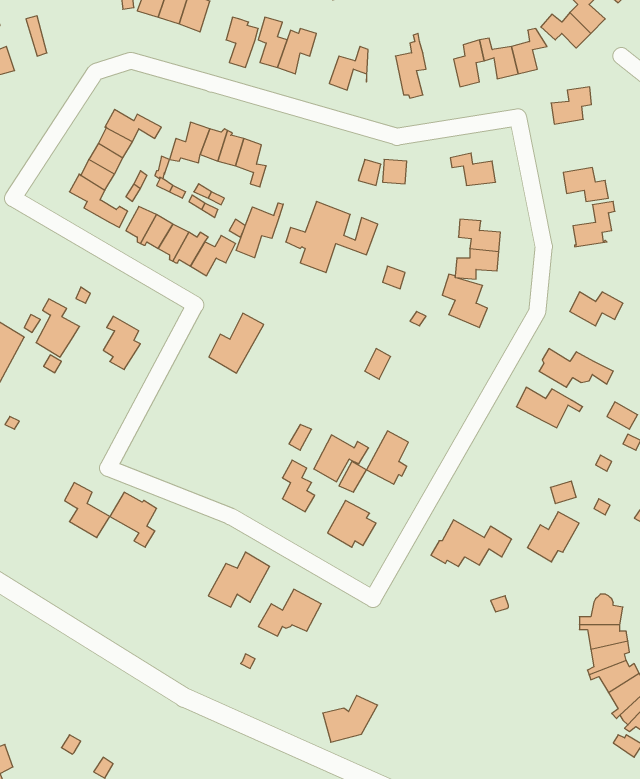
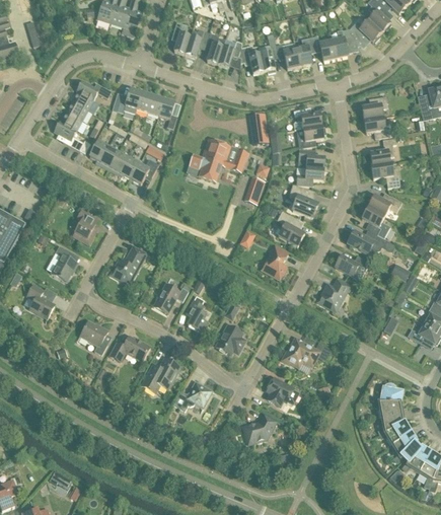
building: [226,17,258,67] -> [205,31,225,63]
building: none -> [240,42,264,73]
building: none -> [276,42,299,68]
building: [551,87,591,124] -> [362,95,387,119]
building: none -> [296,125,325,147]
building: [236,203,283,258] -> none
building: none -> [371,162,400,187]
building: [36,299,80,357] -> [51,244,78,281]
building: none -> [362,206,389,237]
building: [209,313,264,373] -> [112,245,146,283]
building: none -> [277,209,304,245]
building: [366,431,408,484] -> [262,244,288,278]
building: [314,435,369,482] -> [154,282,189,311]
building: [65,483,110,538] -> [26,283,55,317]
building: [527,512,579,562] -> [317,278,350,309]
building: none -> [109,335,150,360]
building: none -> [267,376,293,406]
building: [323,695,378,742] -> [242,414,277,443]

